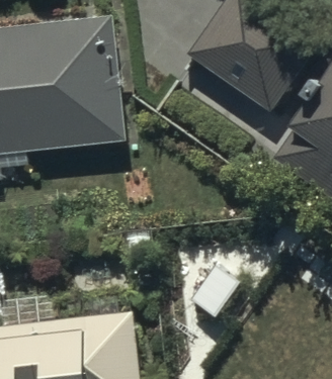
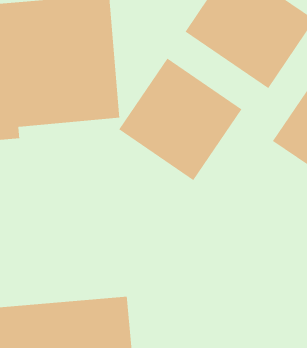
building: none -> [118,57,242,181]

